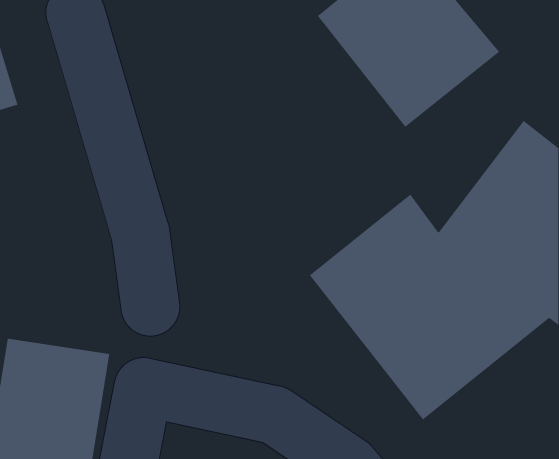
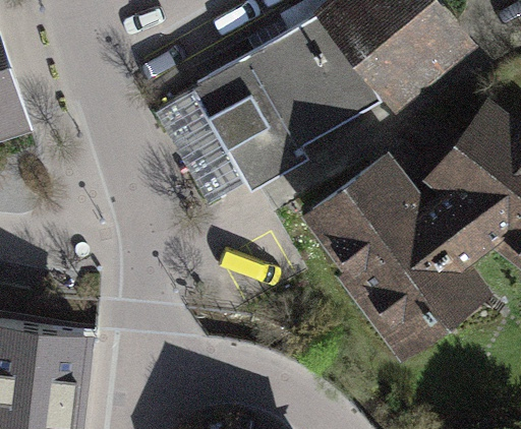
building: none -> [163,35,338,216]

